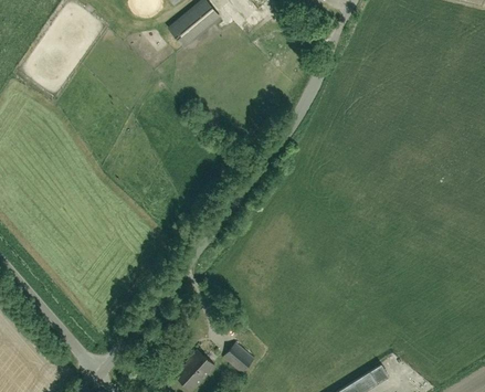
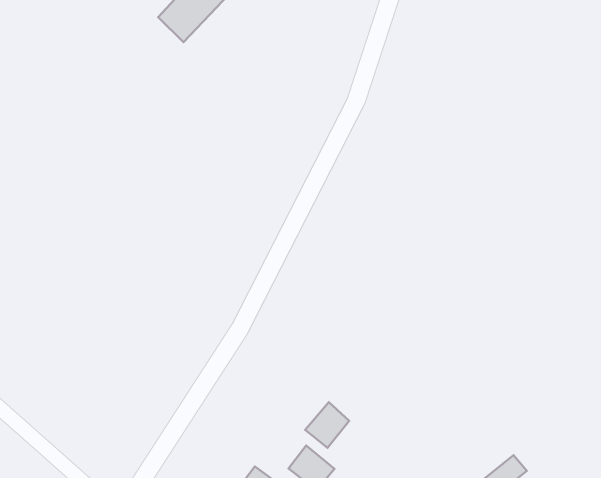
building: none -> [305,402,349,448]

